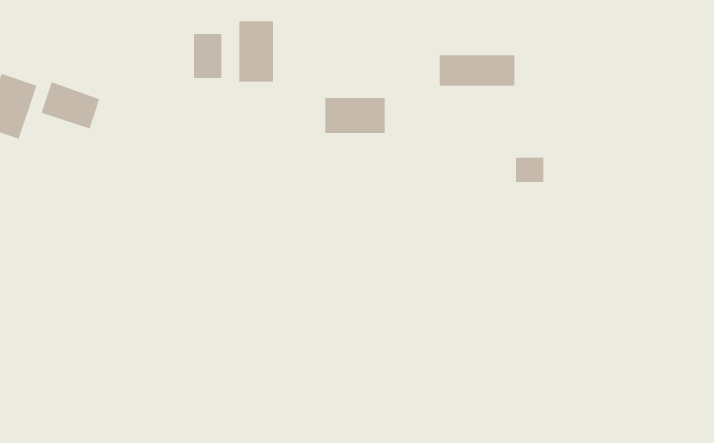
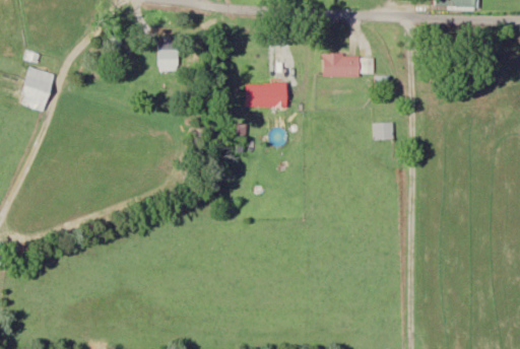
building: [238,20,274,83] -> none
building: [40,81,100,130] -> none

